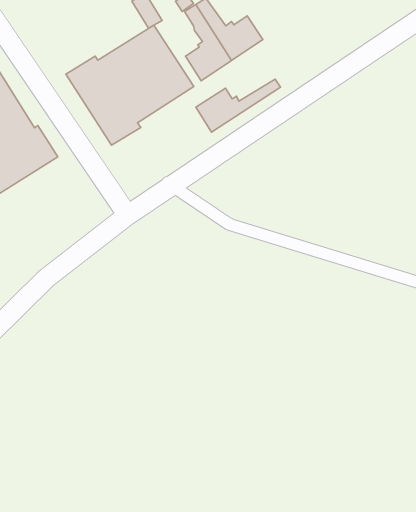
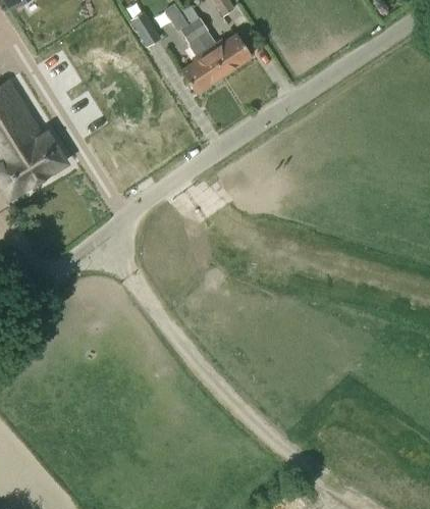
building: [66,25,194,145] -> none
building: [196,79,280,132] -> none

